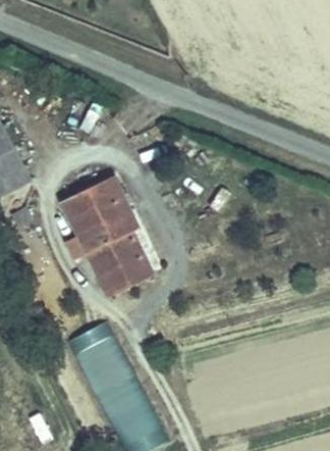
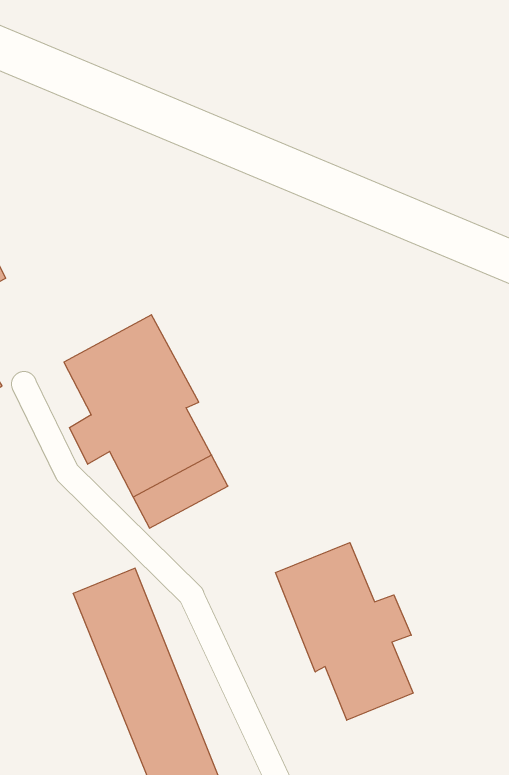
building: none -> [275,543,413,720]

